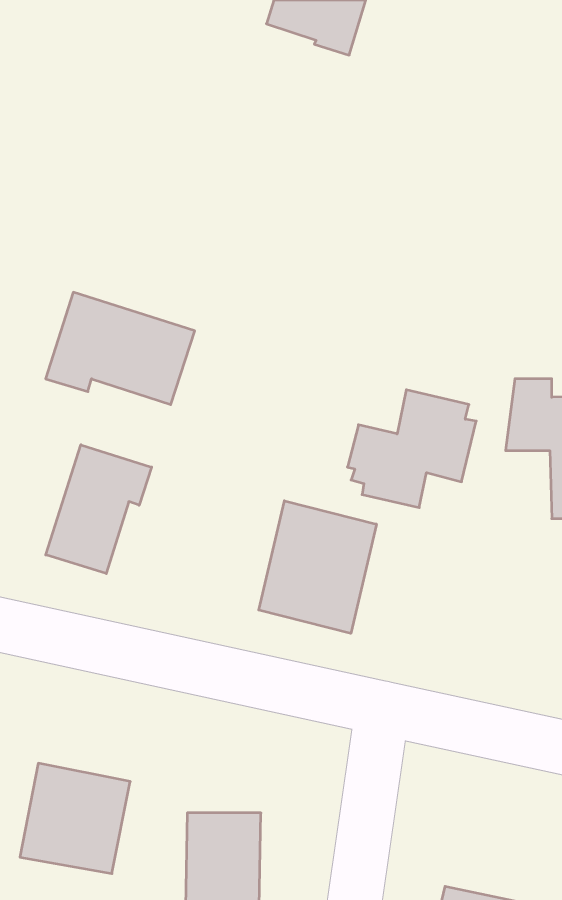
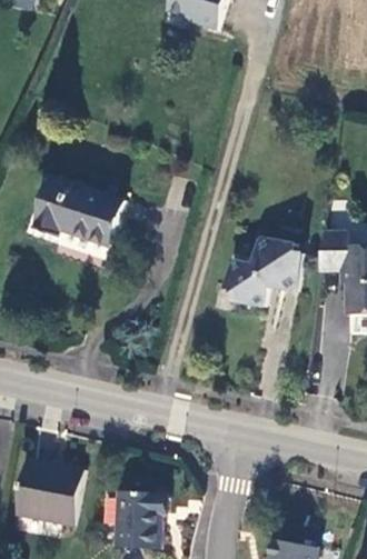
building: [46,445,152,574] -> none
building: [259,501,376,633] -> none

